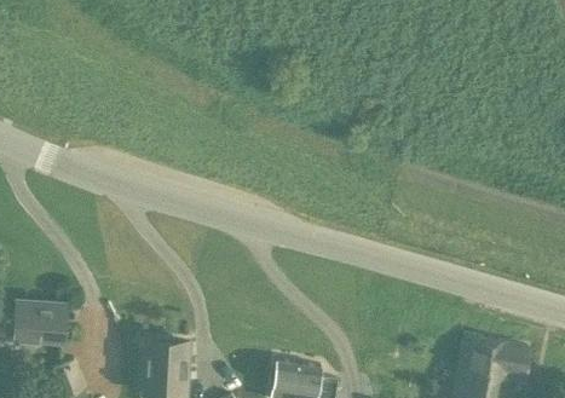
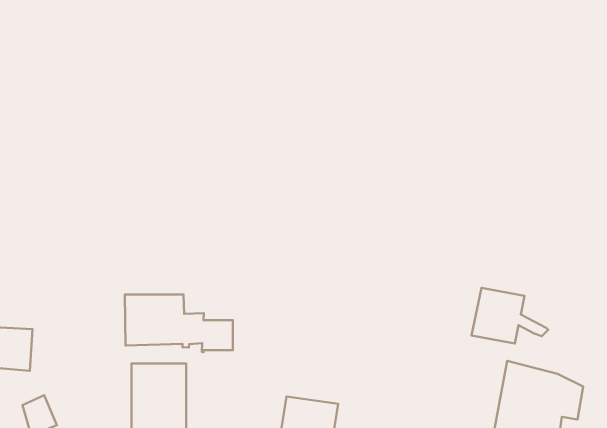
building: none -> [472,288,548,344]
building: none -> [125,294,233,352]

